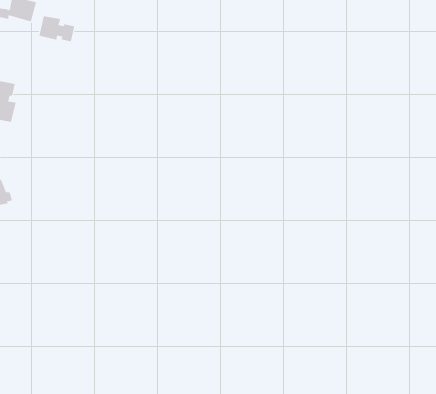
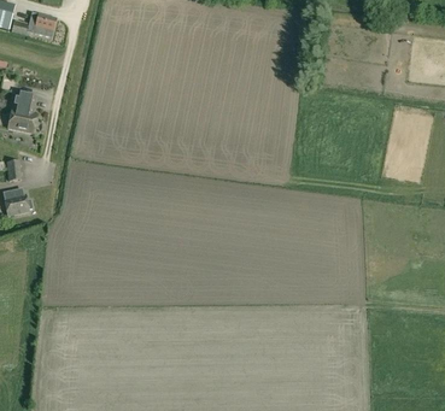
building: [39,16,75,42] -> none

